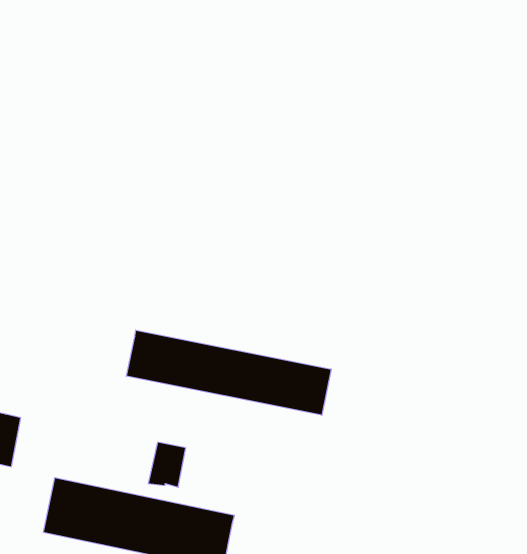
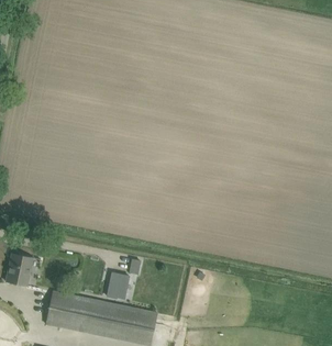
building: [126,330,331,415] -> none

